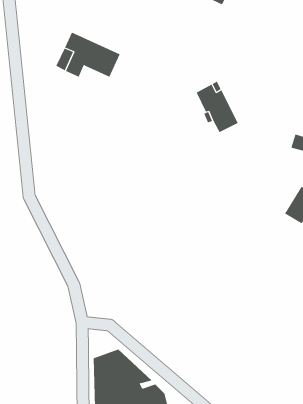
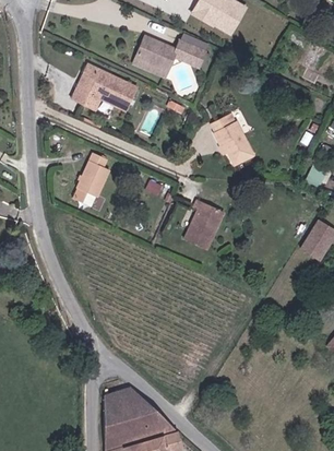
building: none -> [133,36,204,78]
building: none -> [75,153,109,206]
building: none -> [183,200,223,250]

